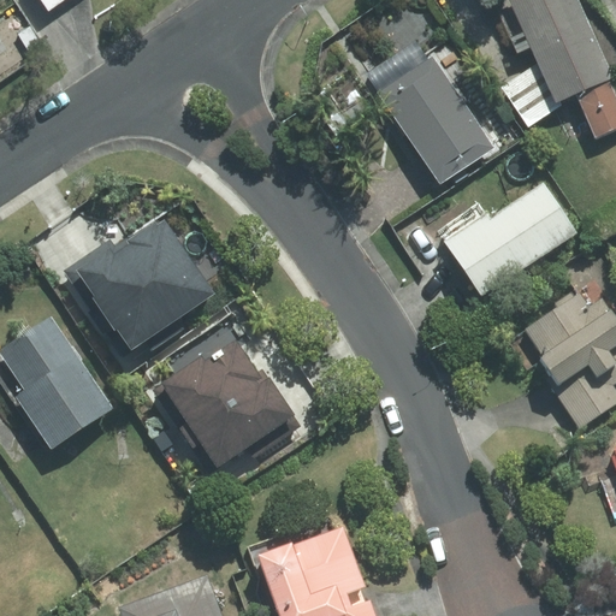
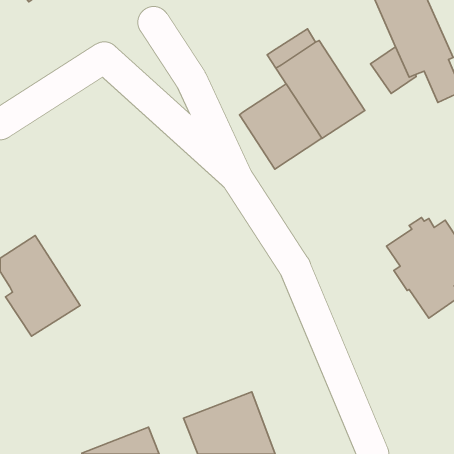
building: none -> [239,84,322,169]
building: [444,179,580,297] -> none
building: [66,221,212,355] -> none
building: [152,343,291,473] -> none

